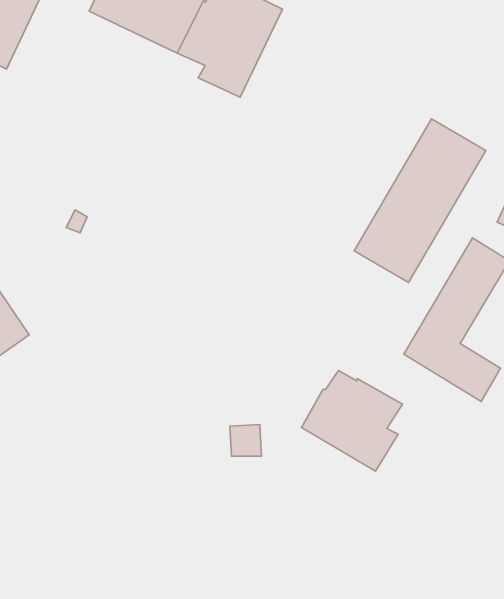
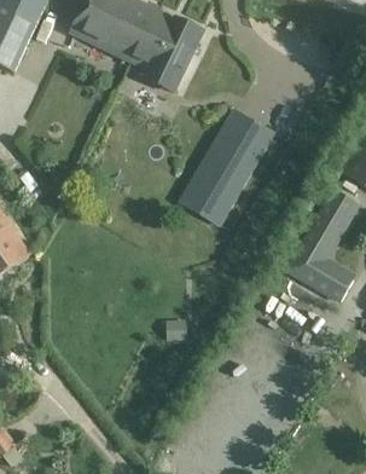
building: [354,119,486,282] -> [181,111,272,224]
building: [301,371,402,471] -> none

